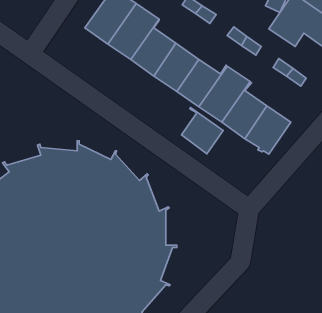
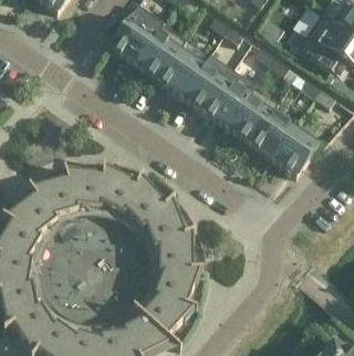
building: [181,108,223,154] -> none

